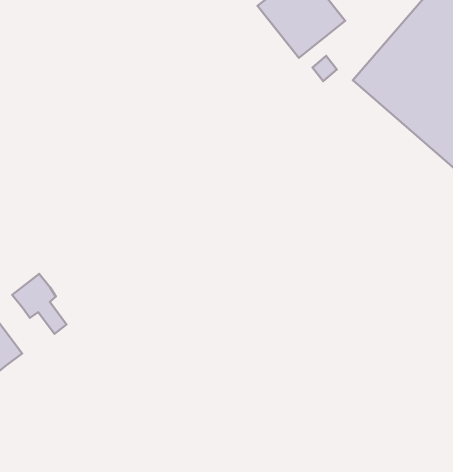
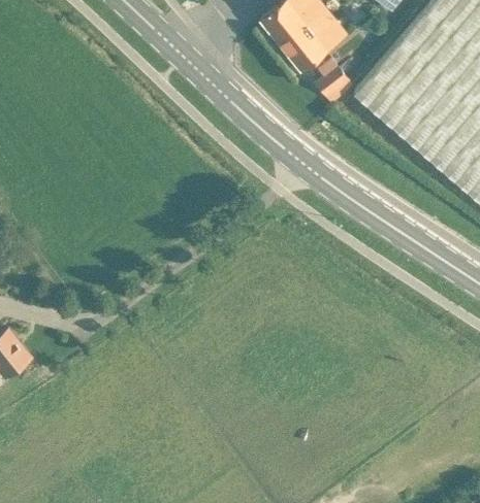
building: [12,274,67,334] -> none

